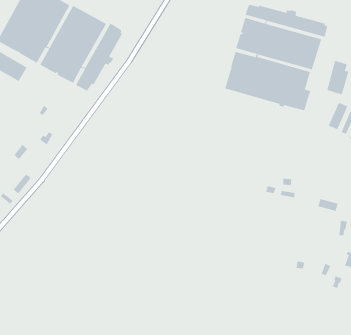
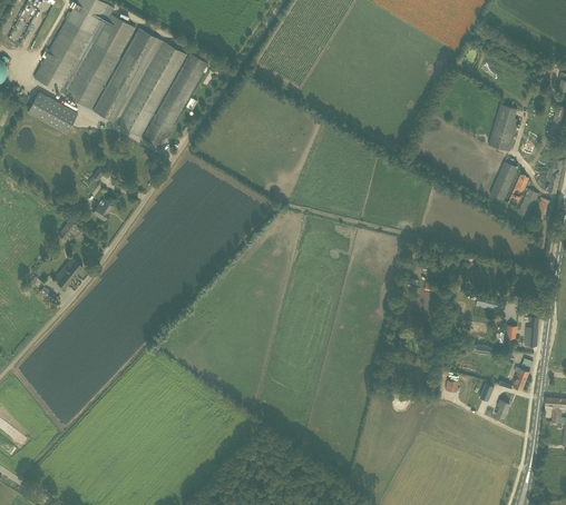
building: [224,3,328,111] -> none

